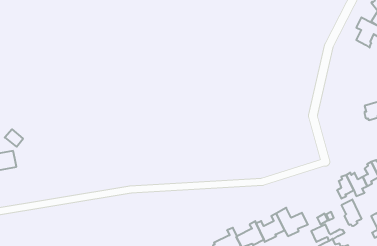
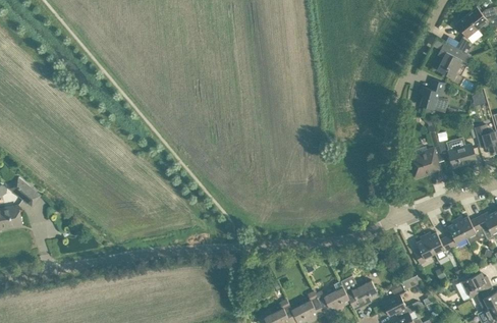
building: none -> [420,78,445,109]
building: none -> [412,124,444,178]
building: [342,199,361,226] -> none

